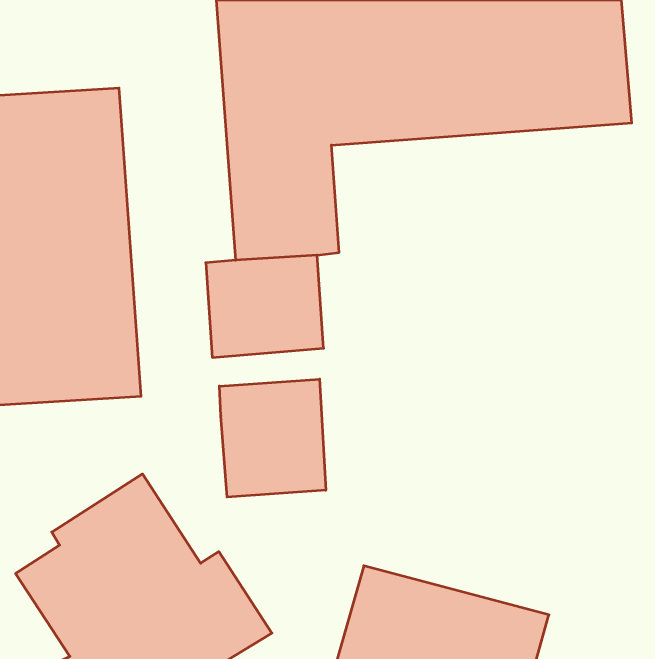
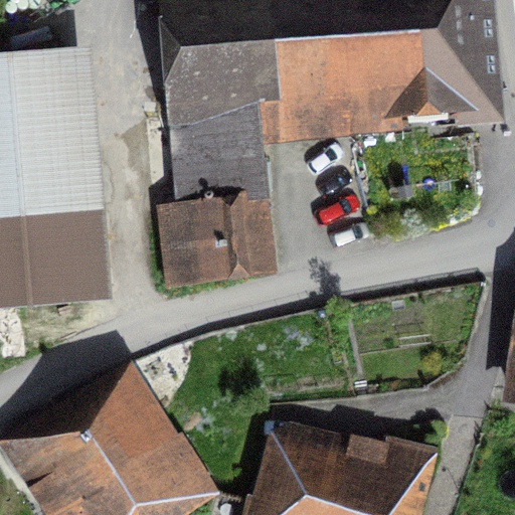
building: [219,379,326,497] -> none

